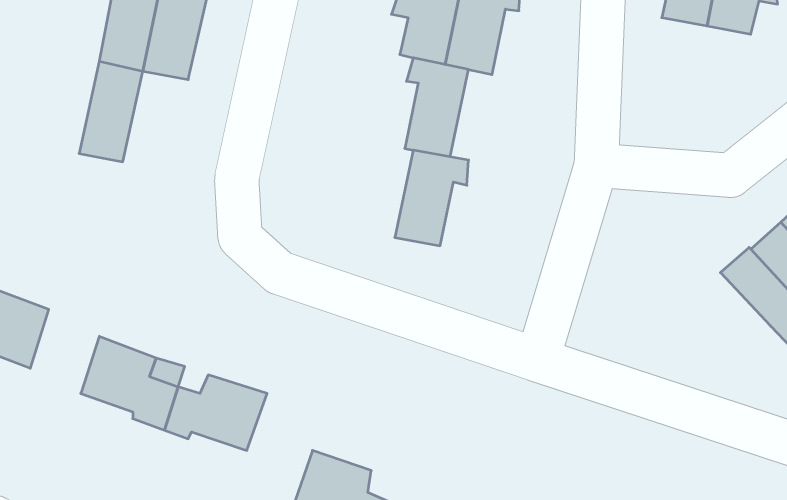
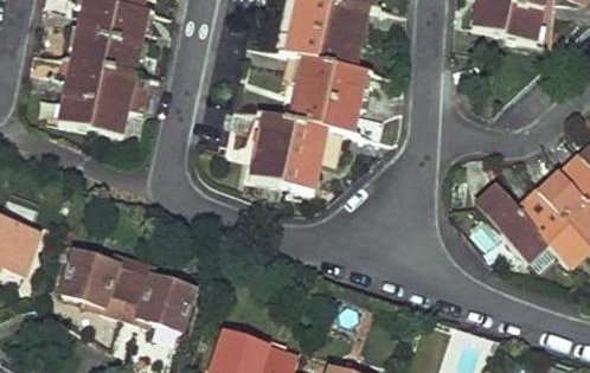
building: none -> [321,62,367,129]
building: none -> [90,63,141,133]
building: none -> [250,110,295,180]
building: none -> [470,182,547,263]

